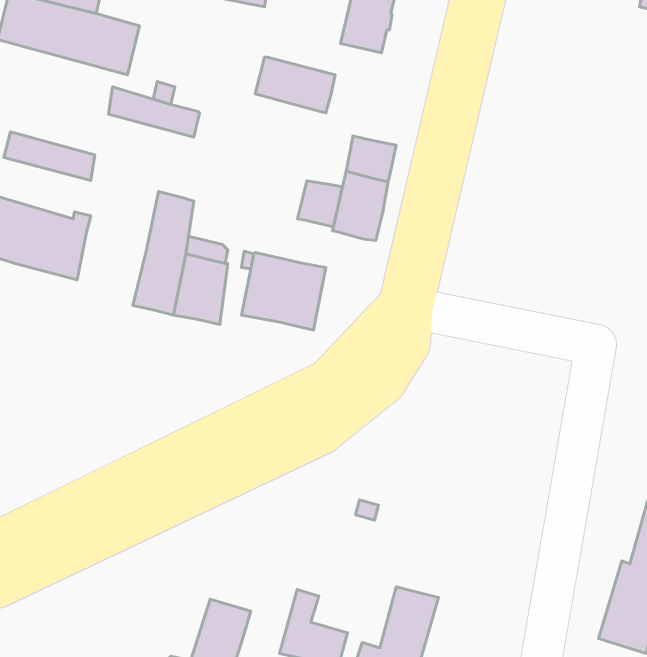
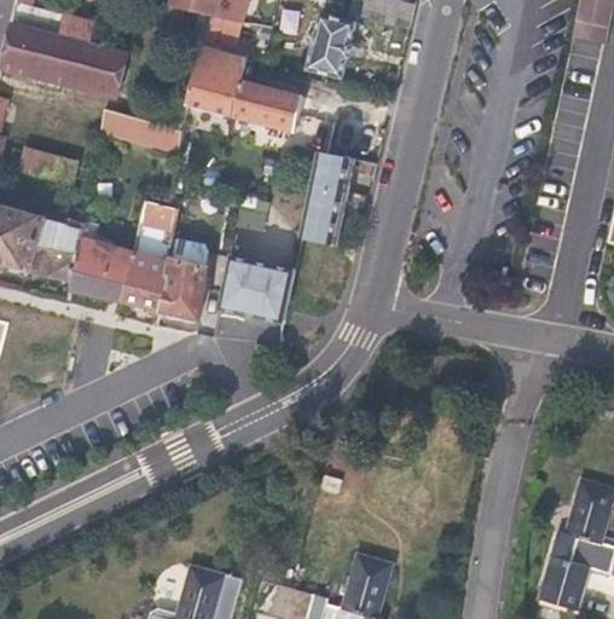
building: none -> [185,46,245,114]
building: [297,181,342,227] -> none
building: none -> [69,220,133,302]

